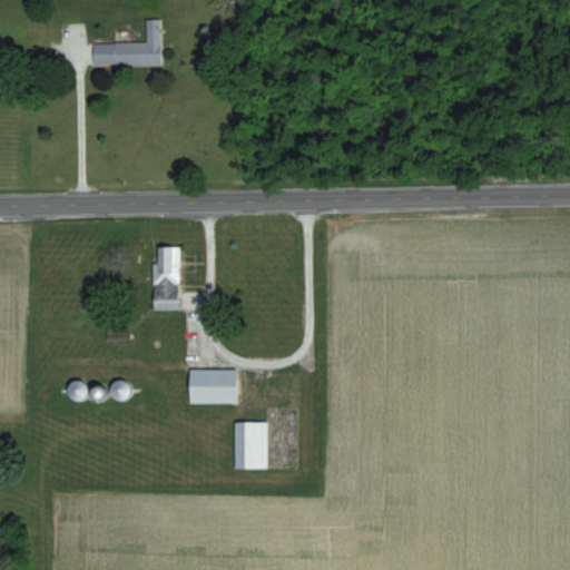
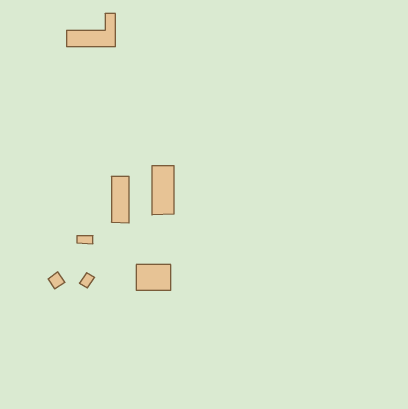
building: none -> [152,166,174,215]
building: [234,422,267,469] -> none

